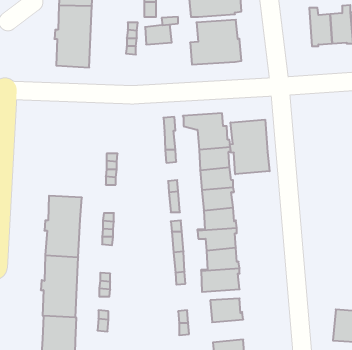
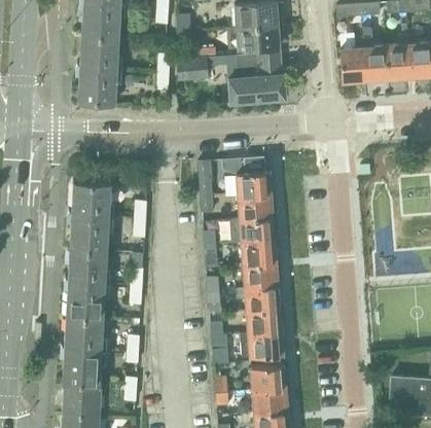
building: none -> [339,38,365,82]
building: [230,120,270,174] -> none
building: none -> [69,181,111,251]
building: none -> [253,388,288,414]

